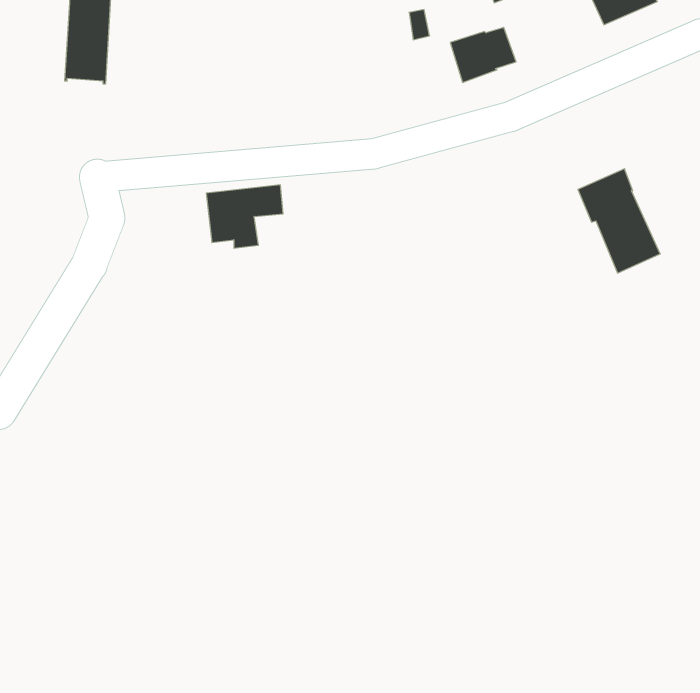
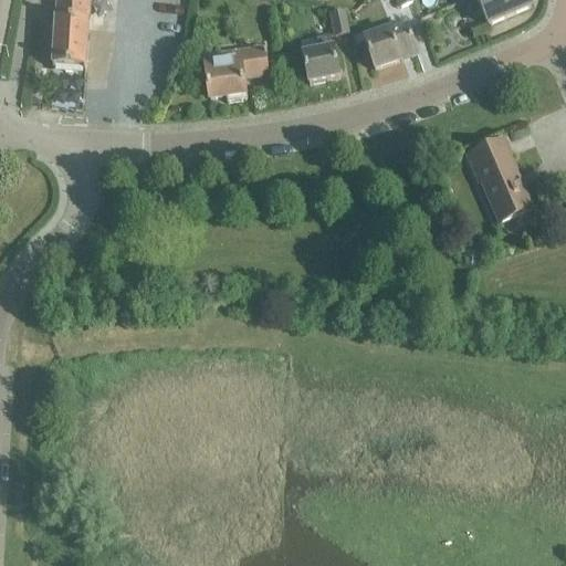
building: none -> [300,31,338,80]
building: [206,185,283,248] -> [203,48,265,98]

